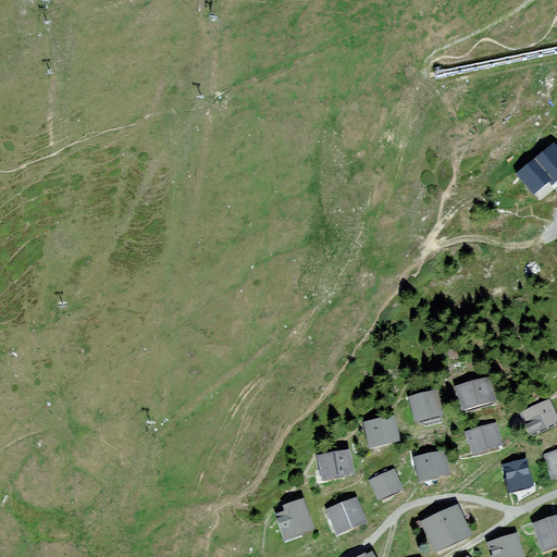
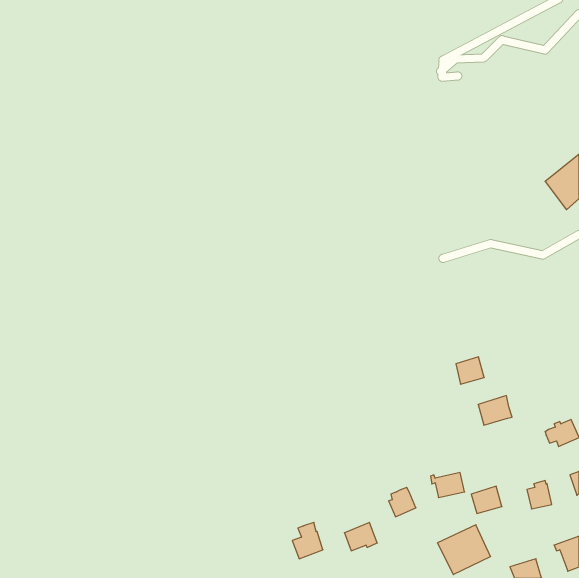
building: [412,393,440,419] -> [456,357,484,384]
building: [368,419,396,445] -> none
building: [469,424,498,450] -> [471,486,502,513]
building: [321,453,350,476] -> none

